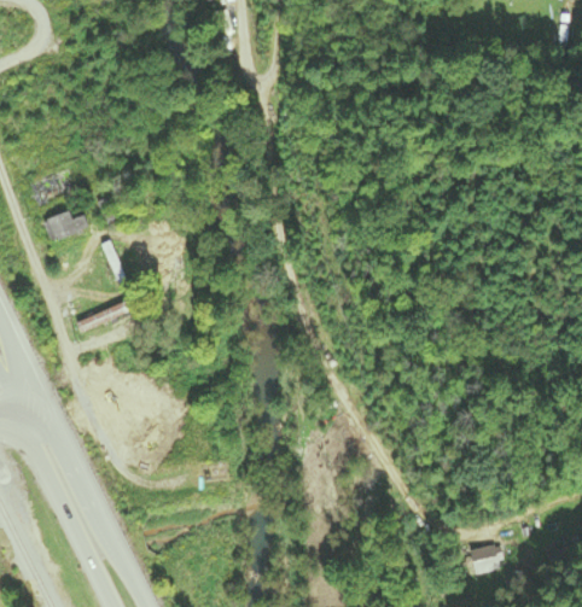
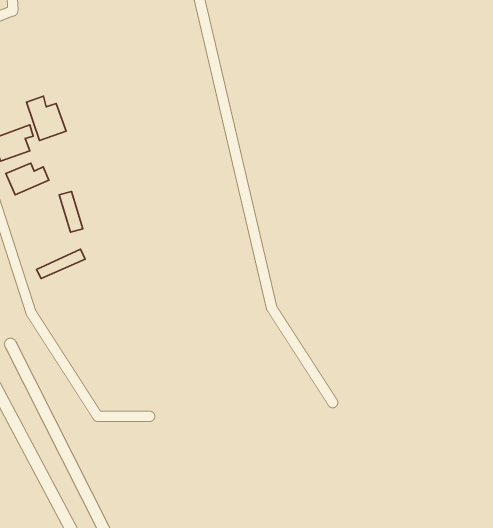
building: none -> [27,96,66,141]
building: [468,544,502,576] -> none

